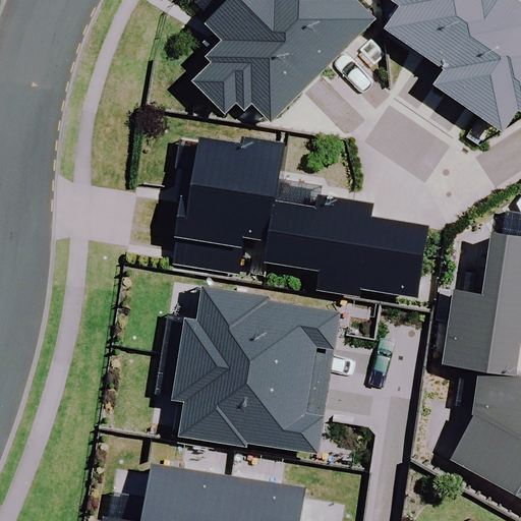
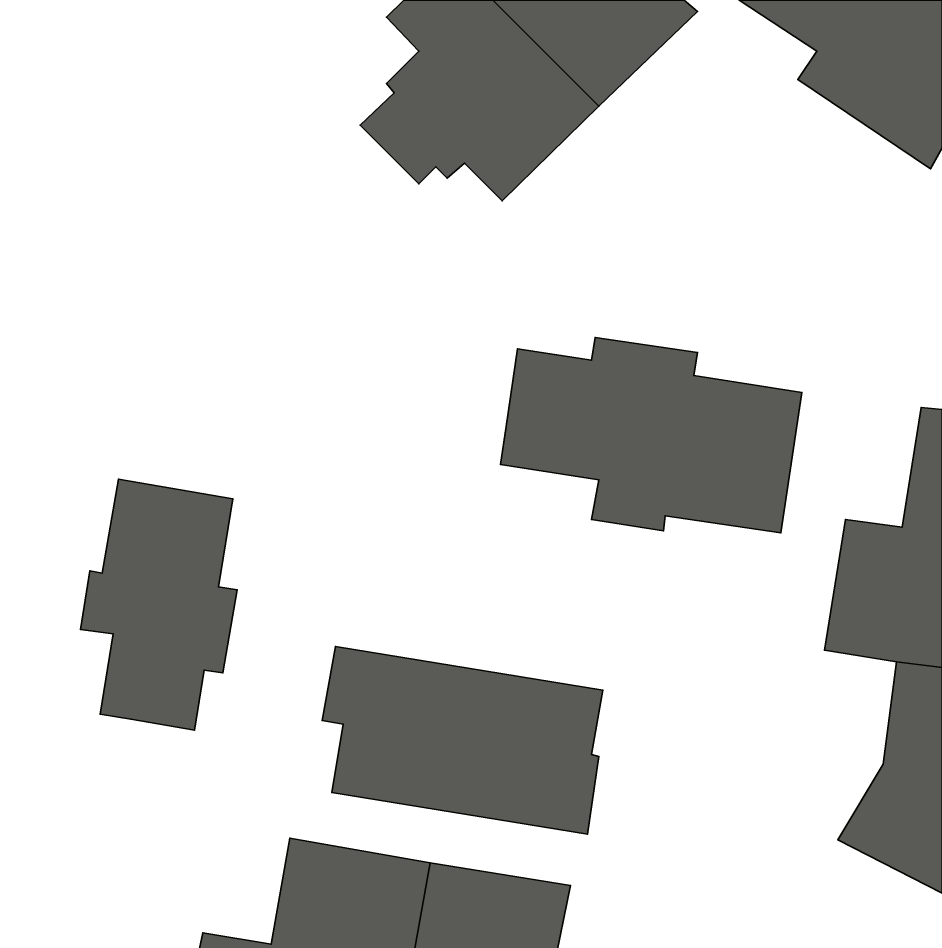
building: [166,130,287,282] -> none
building: none -> [80,479,237,730]
building: [180,284,339,382] -> none

